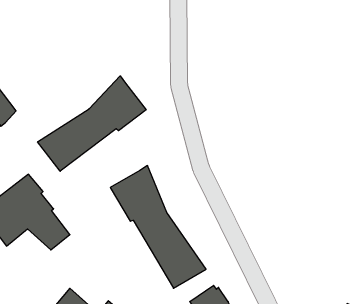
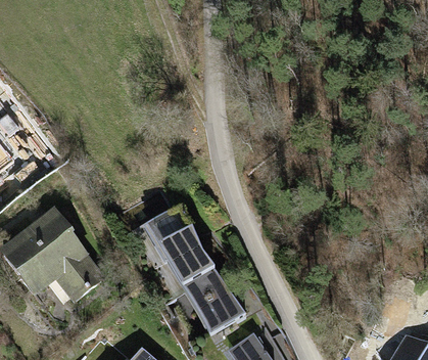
building: [38,76,146,171] -> none

